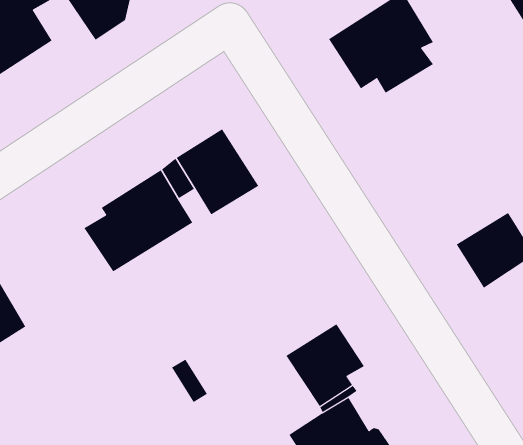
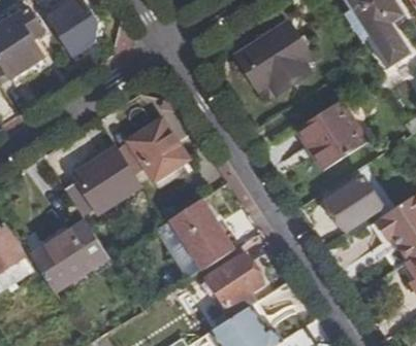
building: none -> [297,100,366,168]
building: none -> [169,200,233,272]
building: none -> [30,220,107,291]

